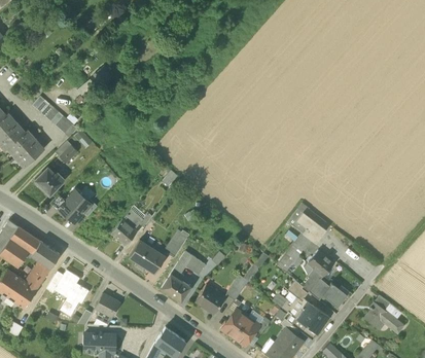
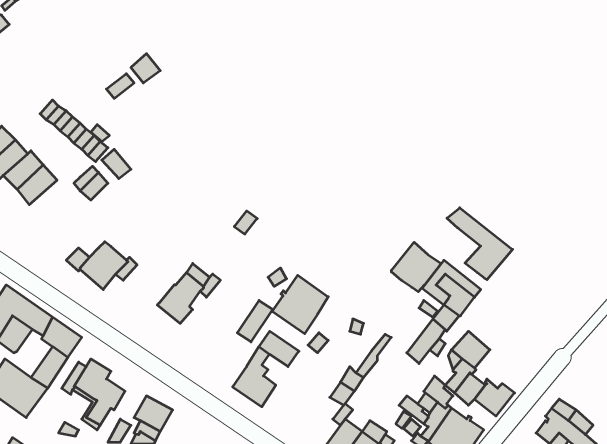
building: [35,168,66,195] -> none
building: none -> [447,208,513,280]
building: none -> [391,242,441,292]
building: none -> [272,275,328,334]
building: [130,241,166,274] -> none
building: [196,285,225,314] -> none

